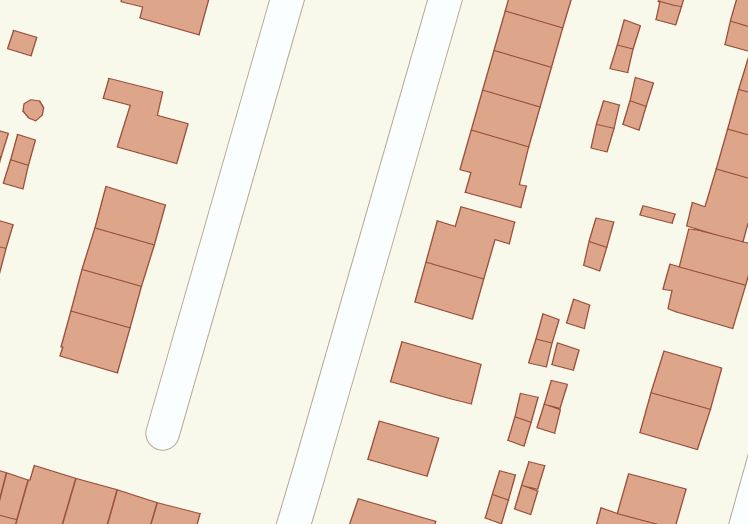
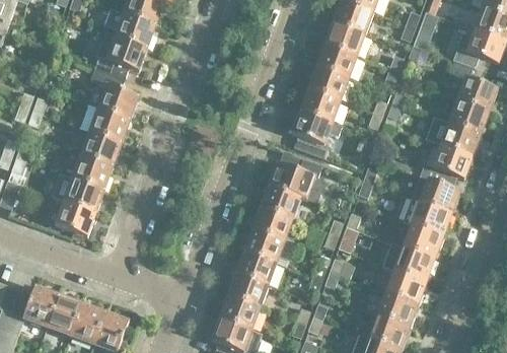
building: none -> [93,33,147,77]
building: none -> [77,102,129,142]
building: none -> [250,208,303,246]
building: none -> [401,224,441,259]
building: none -> [234,253,276,287]
building: none -> [375,292,416,327]
building: none -> [219,296,260,331]

